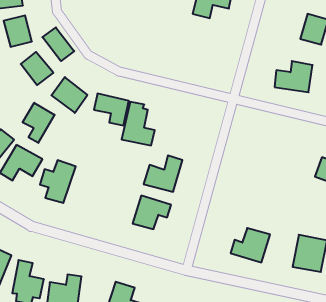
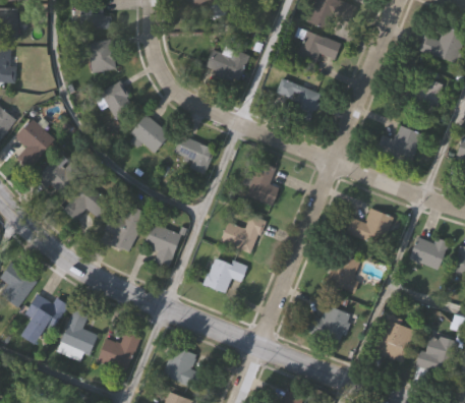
building: none -> [206,49,247,84]
building: [42,27,74,61] -> none
building: none -> [275,78,321,114]
building: [122,102,155,145] -> [242,155,280,206]
building: [23,103,55,143] -> none
building: none -> [346,209,393,245]
building: none -> [144,223,183,269]
building: none -> [327,252,360,293]

